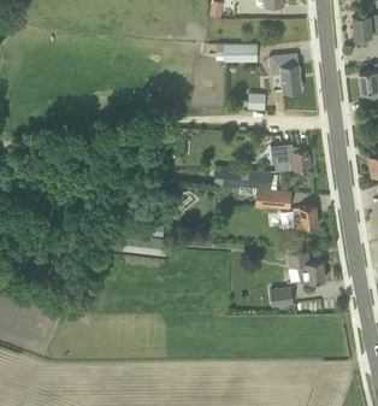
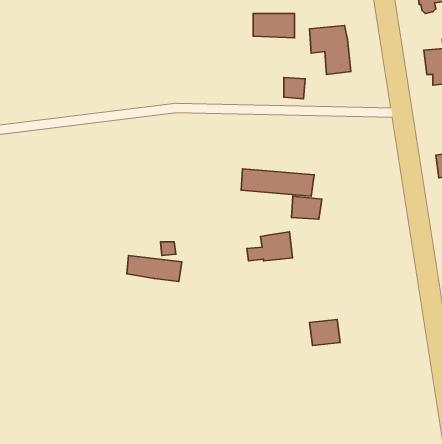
building: [270,143,311,171] -> none
building: [282,205,318,228] -> [247,232,292,261]
building: [287,252,324,282] -> none

